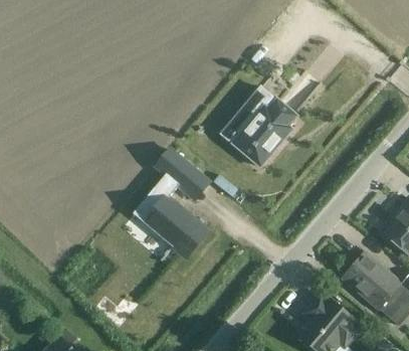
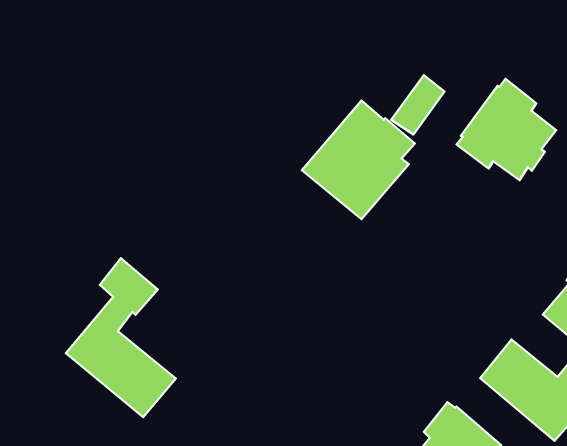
building: none -> [457,79,556,180]
building: [136,149,210,256] -> [66,258,176,417]

